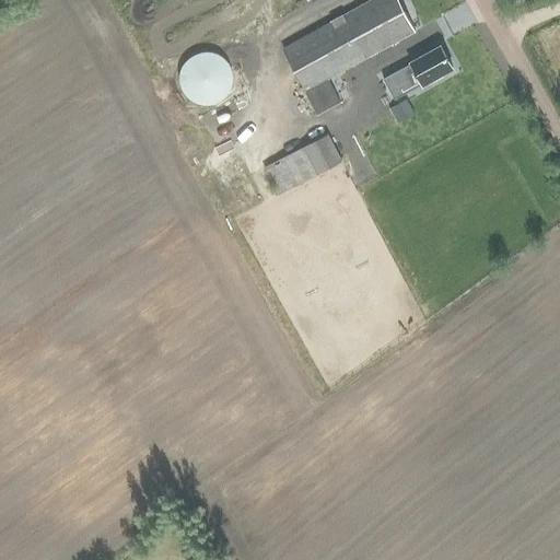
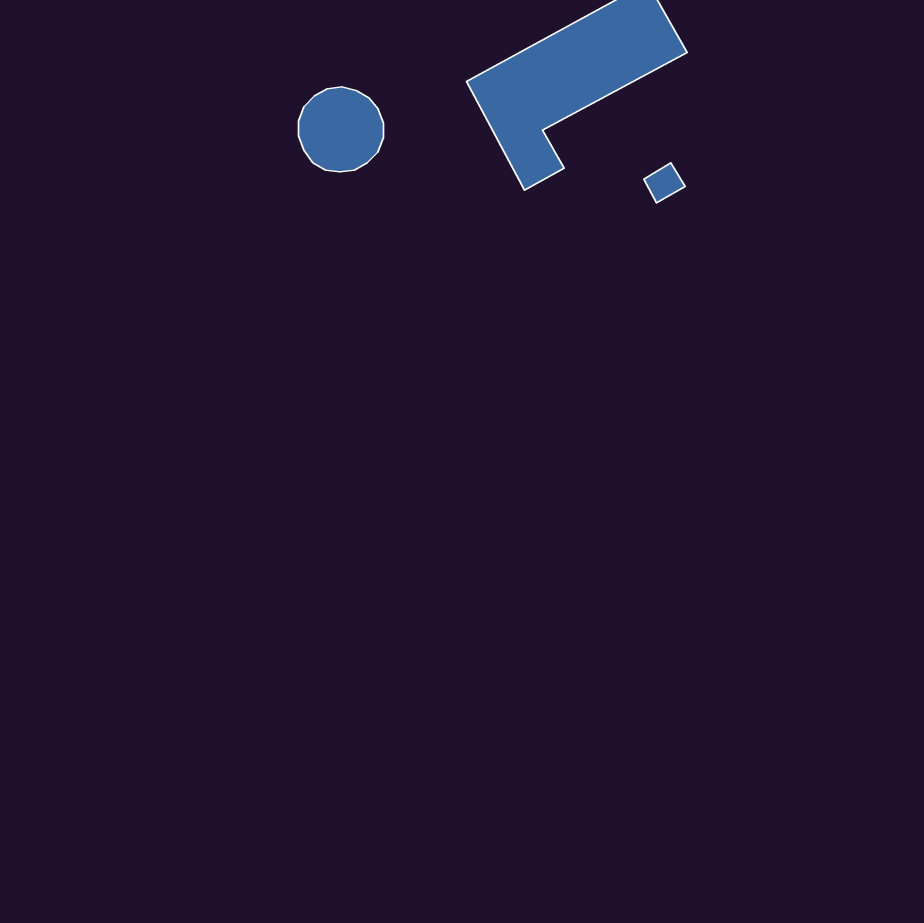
building: [384,46,453,98] -> none
building: [264,135,341,195] -> none

